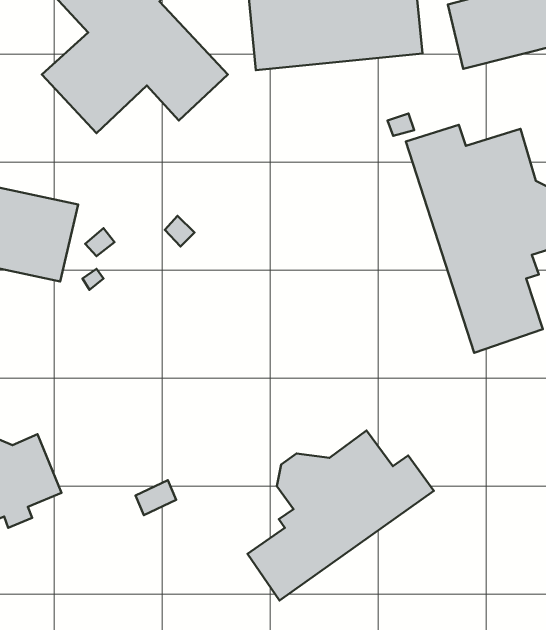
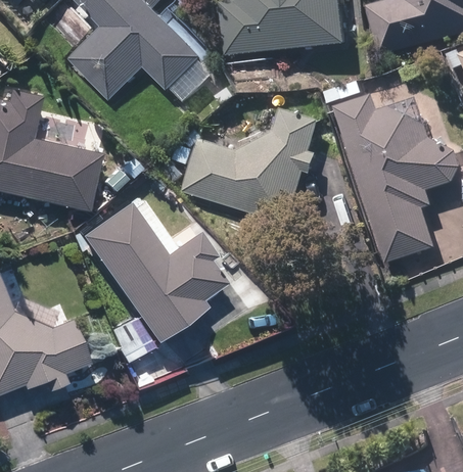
building: none -> [183,106,320,223]
building: none -> [78,200,222,341]
building: [248,430,434,601] -> none

